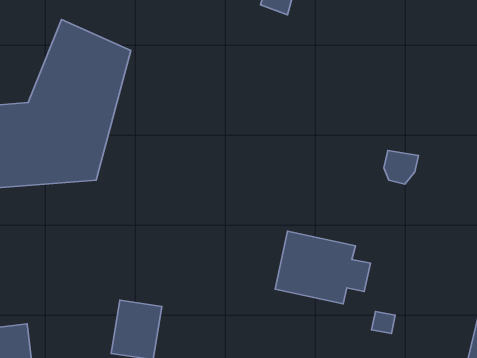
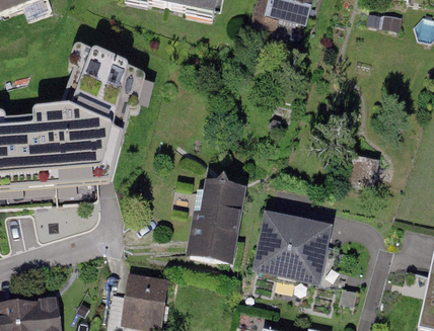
building: none -> [190,182,240,258]

